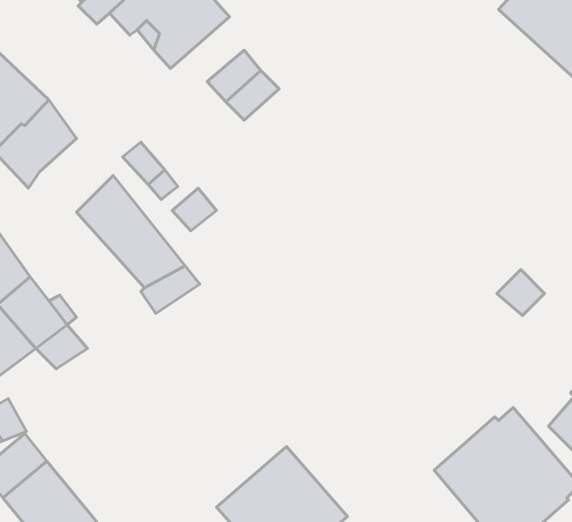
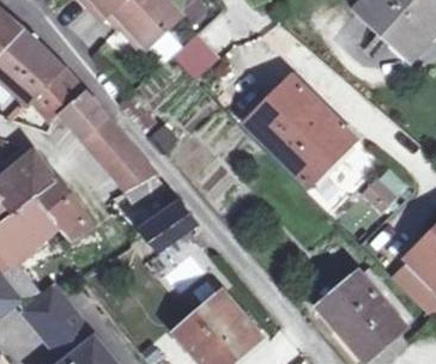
building: none -> [244,77,355,184]
building: none -> [60,90,108,140]
building: none -> [139,202,196,253]

